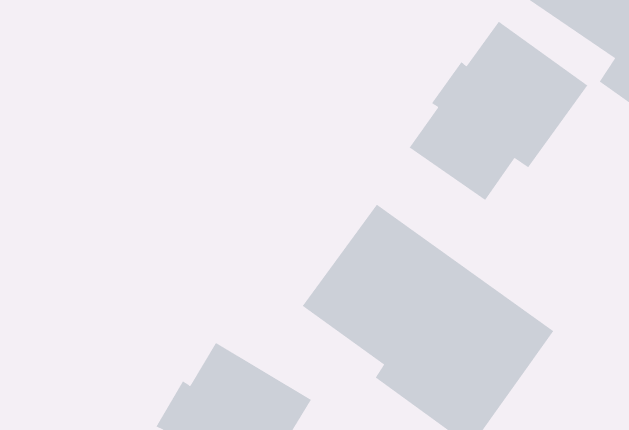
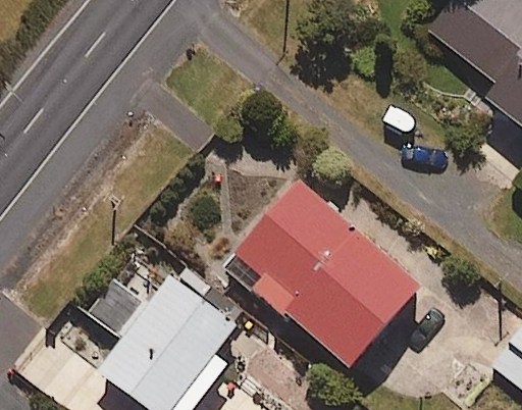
building: [409,21,588,201] -> none

